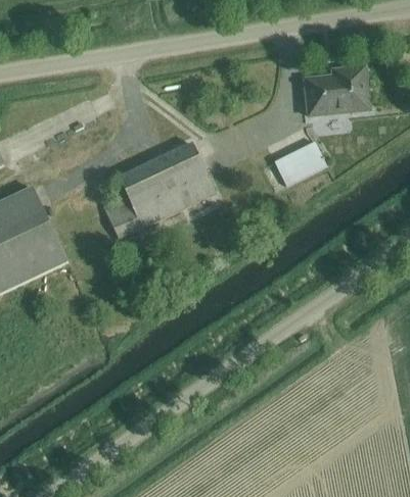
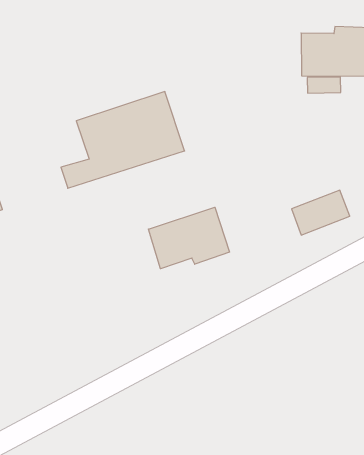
building: [276,140,327,183] -> [292,190,350,235]
building: none -> [148,207,229,269]

